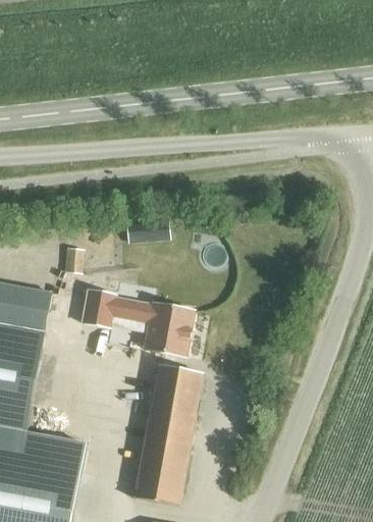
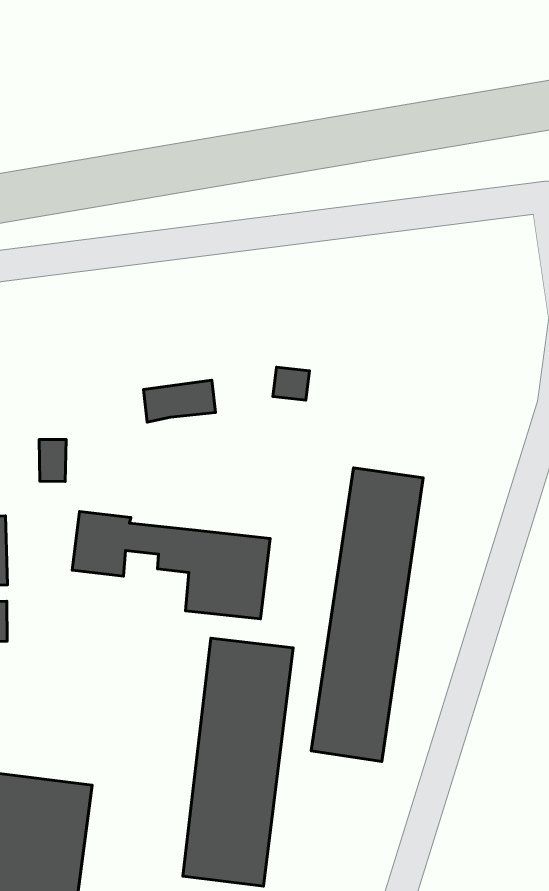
building: none -> [311,468,423,762]

